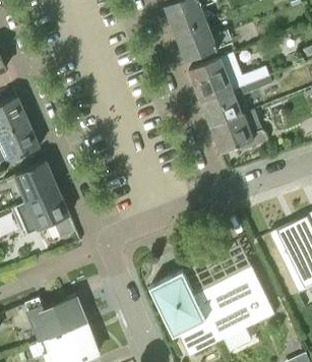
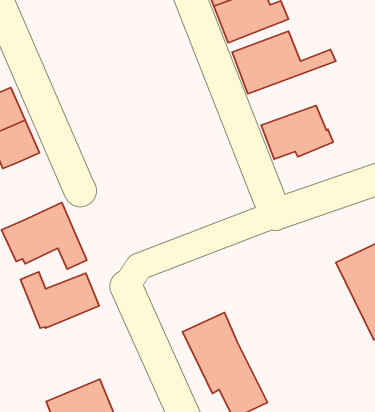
building: [201,76,271,126] -> none
building: [15,161,57,200] -> none
building: [193,266,274,342] -> none
building: [25,297,86,341] -> [20,272,99,328]

